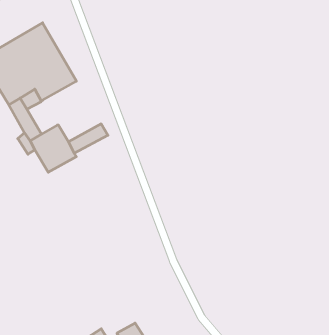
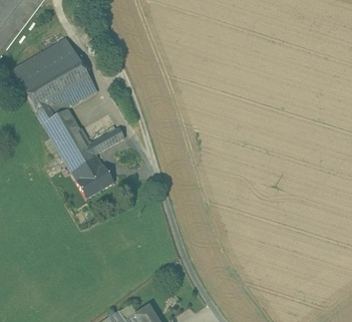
building: none -> [53,106,80,136]
building: none -> [72,156,114,199]

